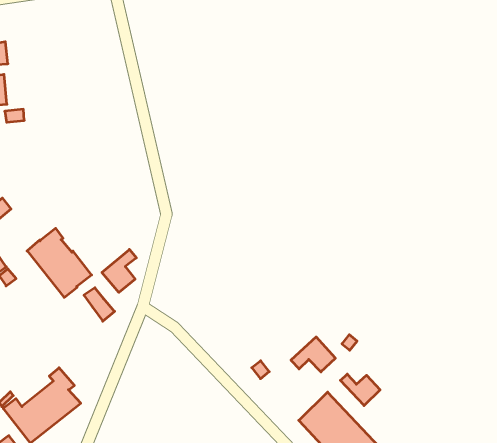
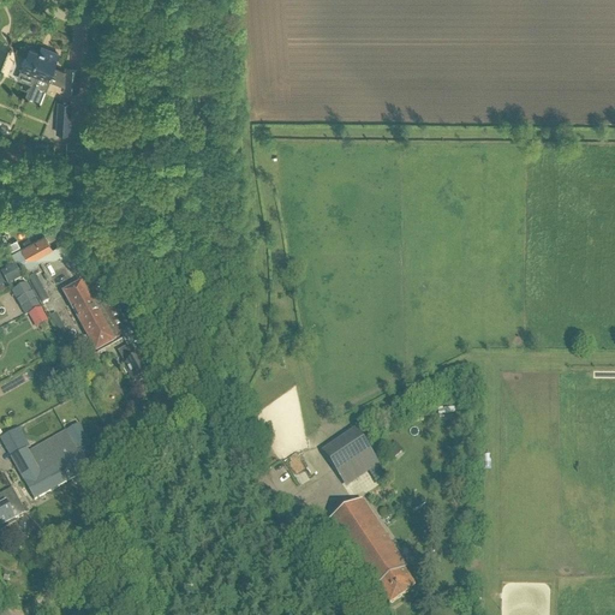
building: [102,249,136,292] -> none
building: [340,374,380,406] -> none

